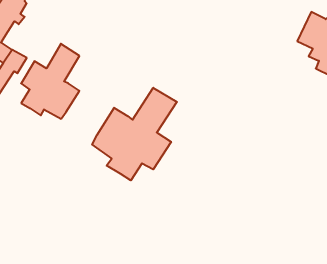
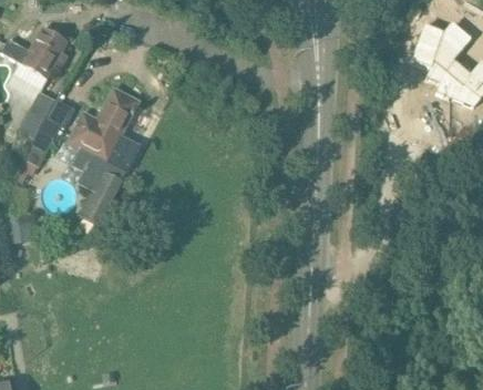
building: [92,88,177,180] -> none
building: none -> [76,170,122,227]

